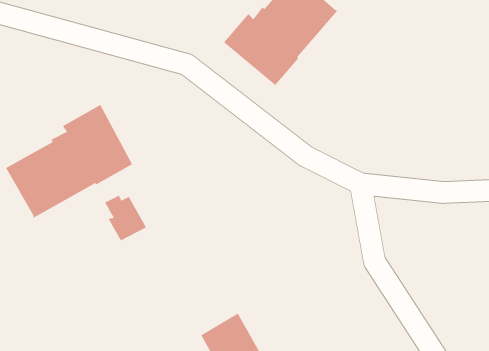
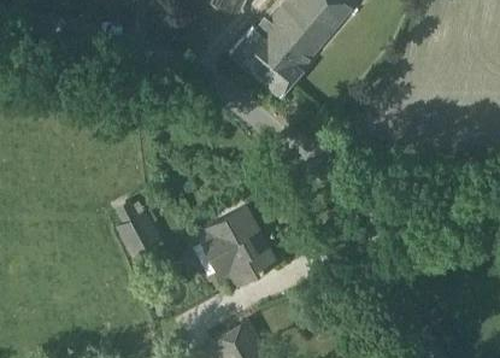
building: [5,104,133,218] -> none
building: none -> [201,210,277,283]

